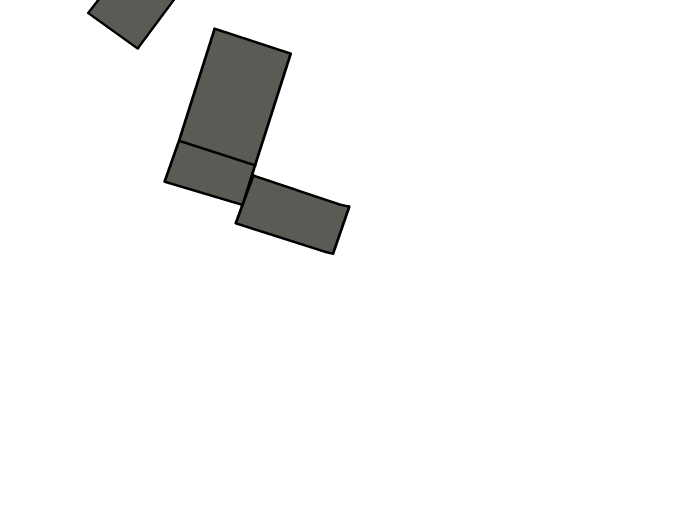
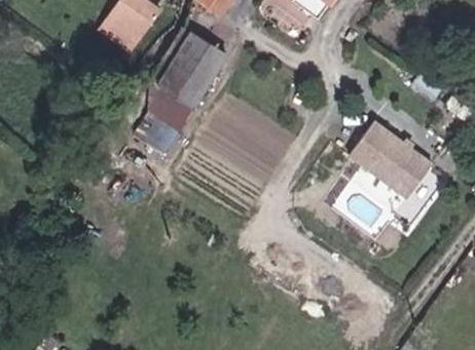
building: none -> [352,115,436,193]
building: [236,175,349,254] -> none

